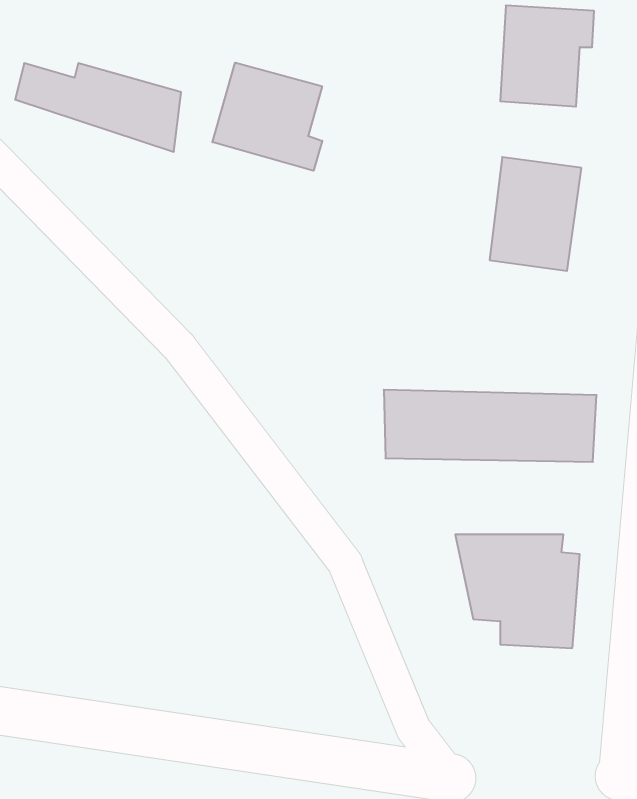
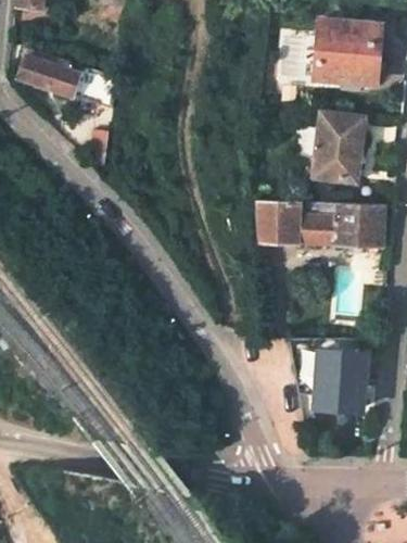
building: [212,63,322,171] -> none
building: [384,390,597,462] -> [257,202,385,245]

